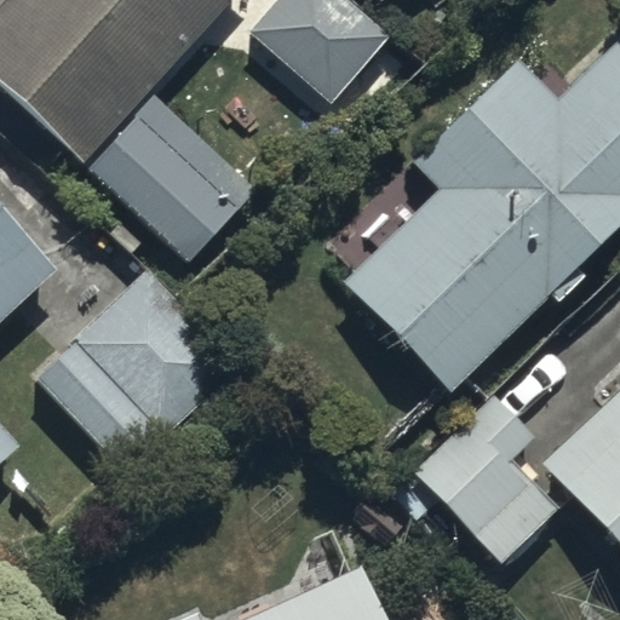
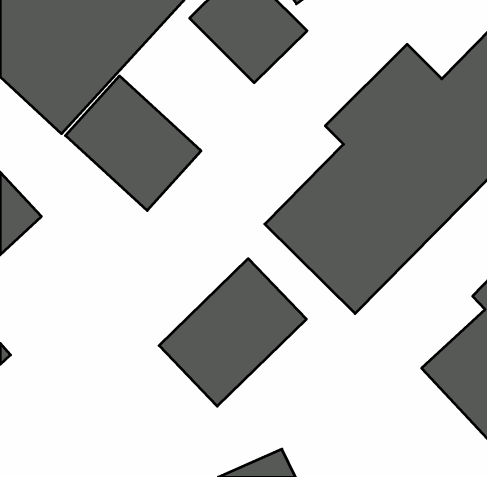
building: [28,256,252,478] -> none
building: none -> [159,259,306,406]
building: [391,394,559,566] -> none

